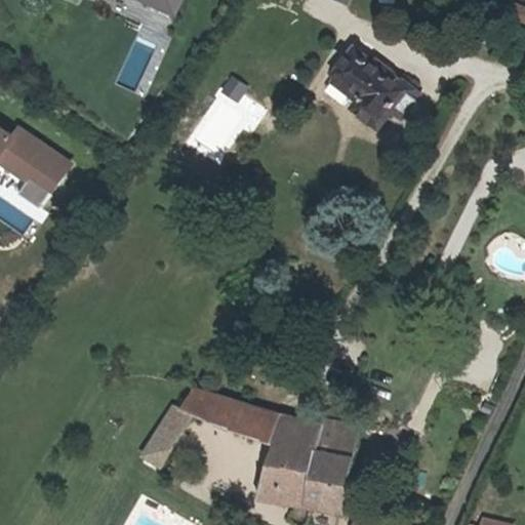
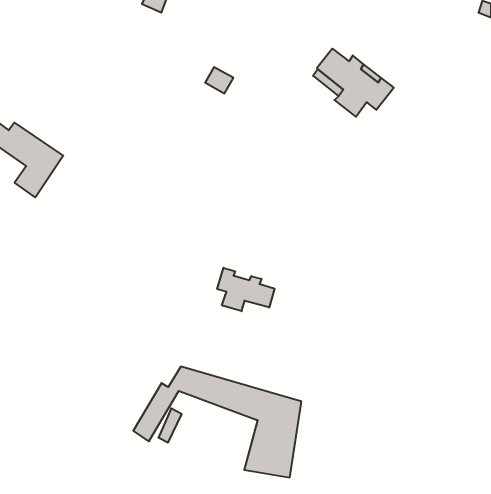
building: none -> [217,268,275,311]
building: [306,418,356,510] -> none

